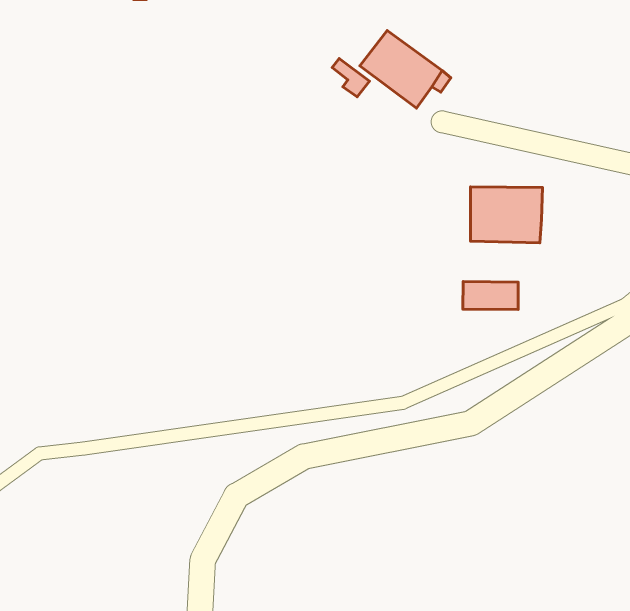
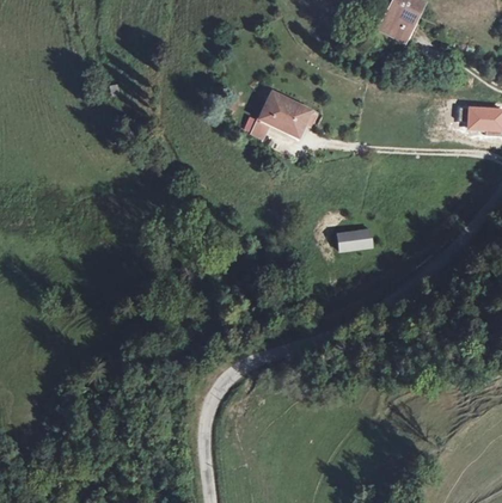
building: [470,187,542,243] -> none

